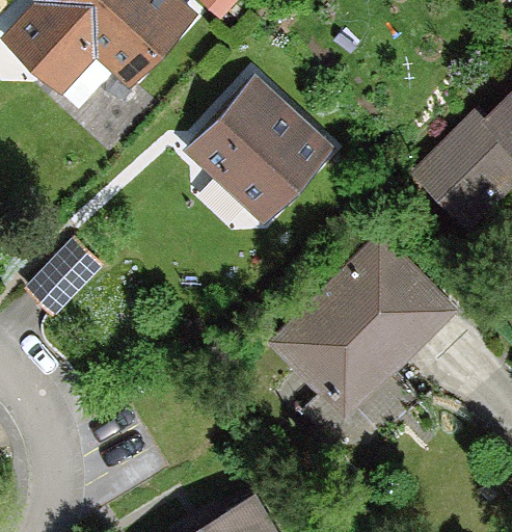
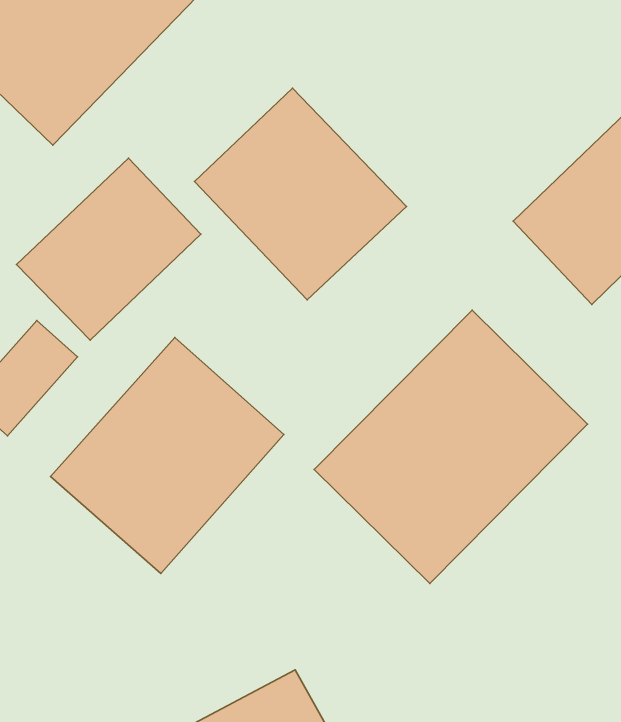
building: none -> [17,158,201,340]
building: none -> [50,338,284,573]

